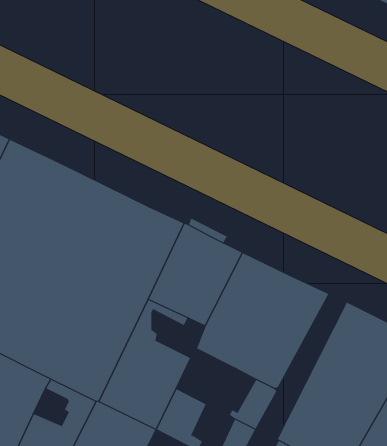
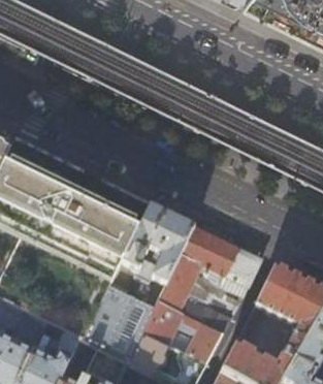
building: none -> [142,299,189,343]

